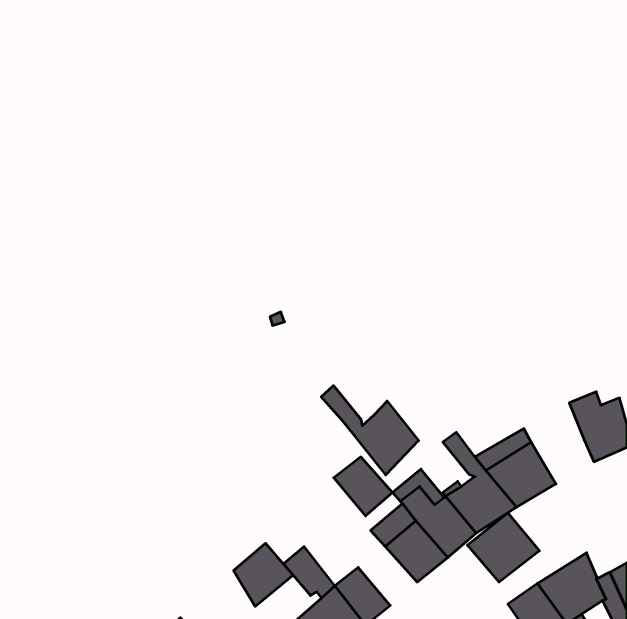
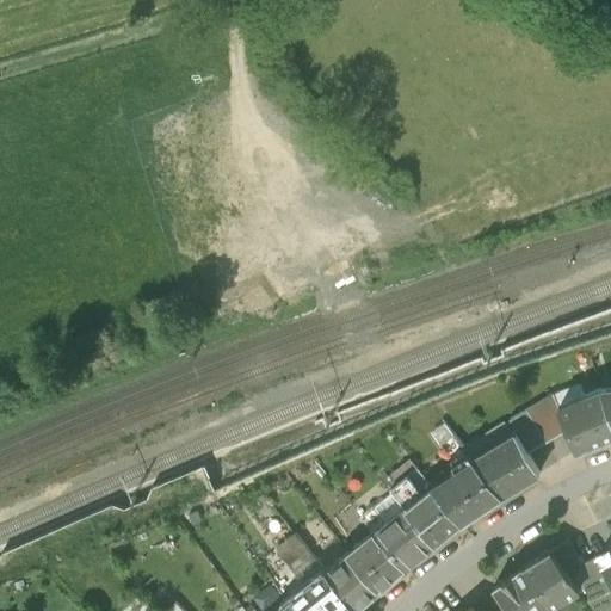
building: [321,386,419,475] -> none
building: none -> [510,400,568,458]
building: [334,457,393,516] -> [348,539,406,597]
building: [467,513,539,582] -> none
building: [234,543,293,606] -> none

